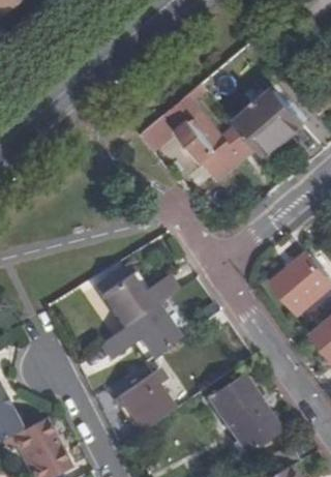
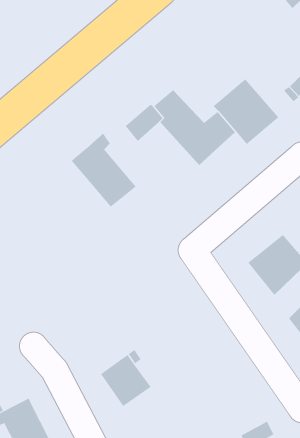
building: none -> [71,133,136,208]
building: [101,274,179,356] -> none
building: [212,372,282,450] -> none

